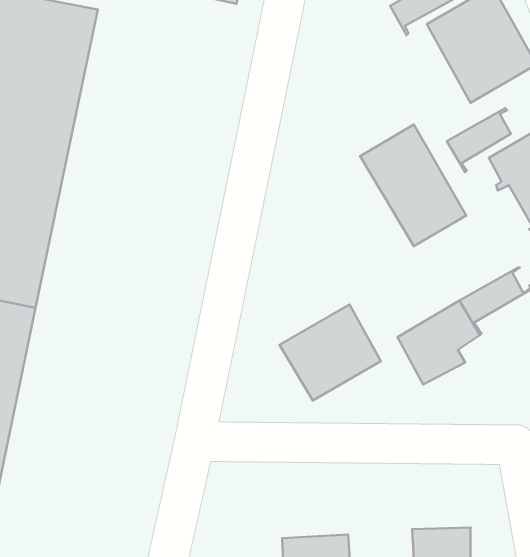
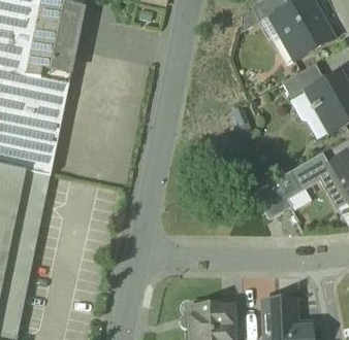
building: [360,125,466,246] -> none
building: [280,304,381,401] -> none

